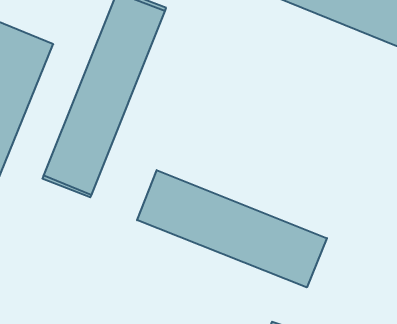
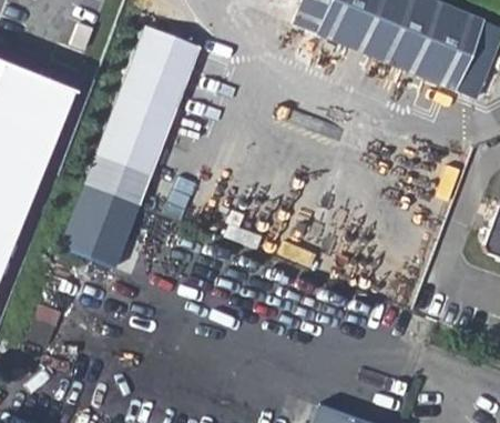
building: [137,170,327,287] -> none

